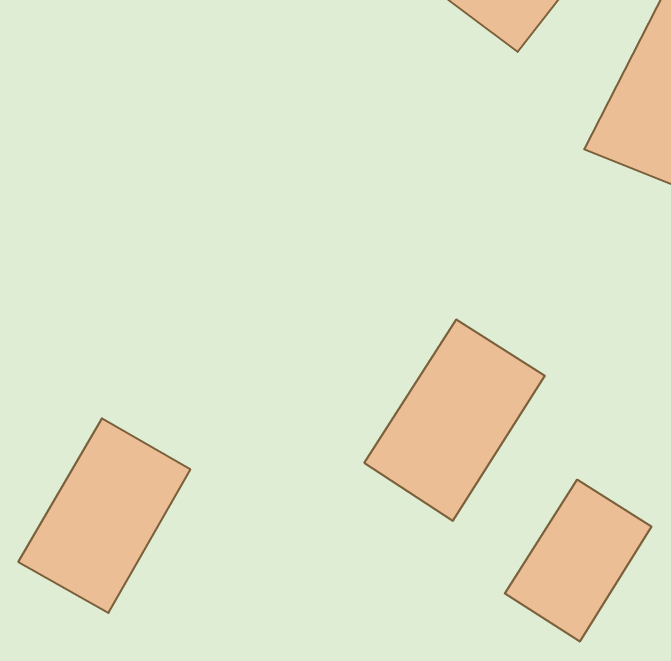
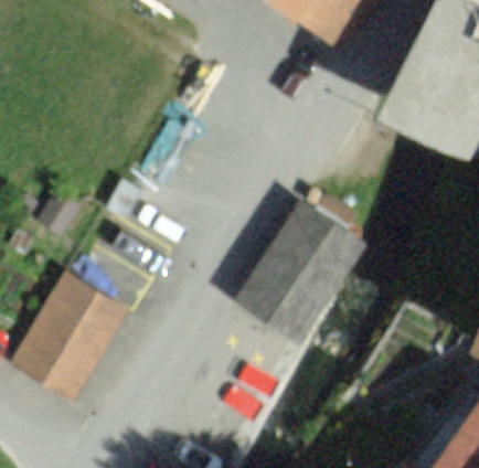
building: [505,480,651,642] -> none

